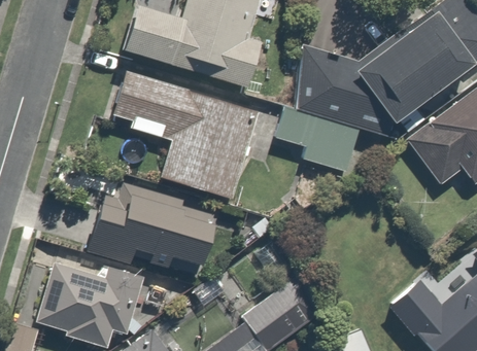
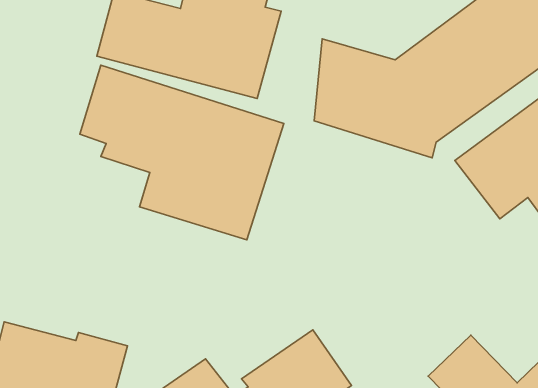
building: [279,109,354,173] -> none
building: [89,182,234,278] -> none

